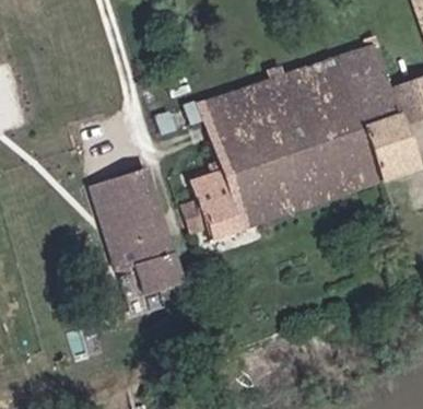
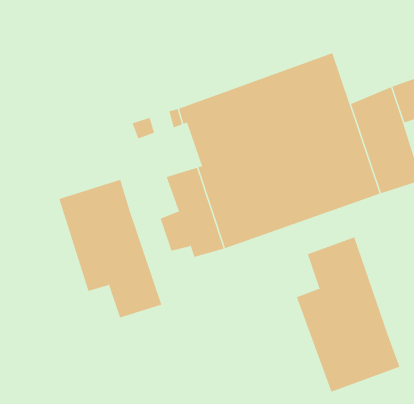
building: [337,45,389,102] -> none
building: none -> [296,237,400,392]

